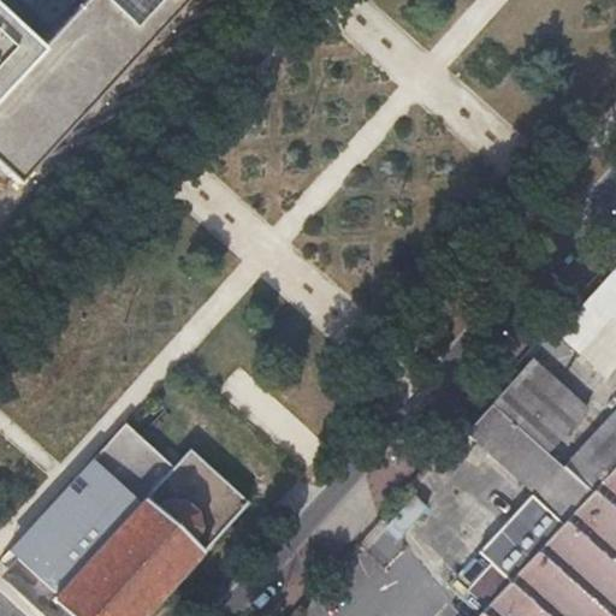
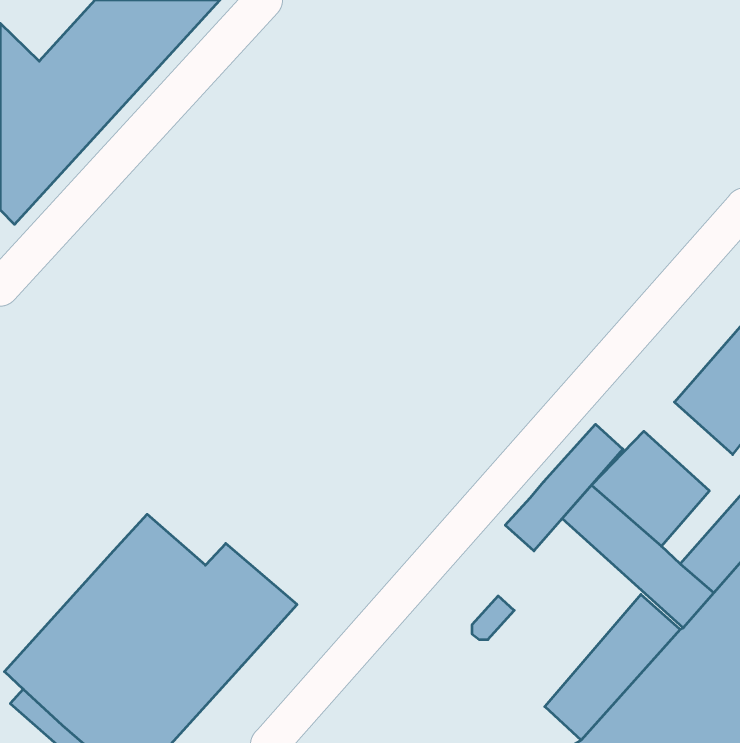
building: none -> [505,424,623,551]

